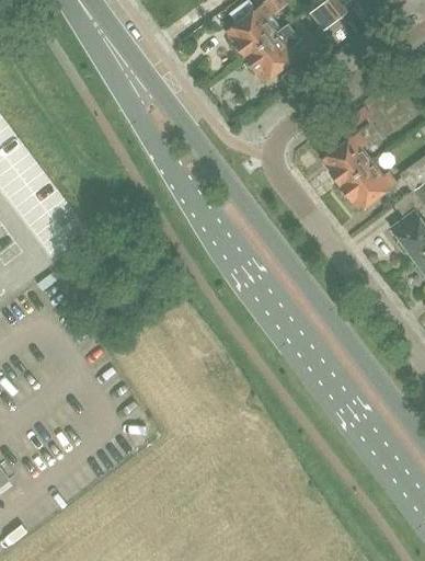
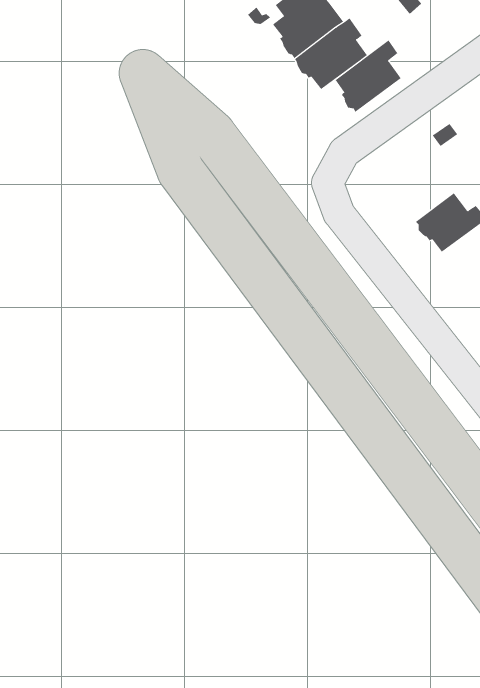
building: none -> [335,40,401,113]
building: [322,131,370,185] -> none

